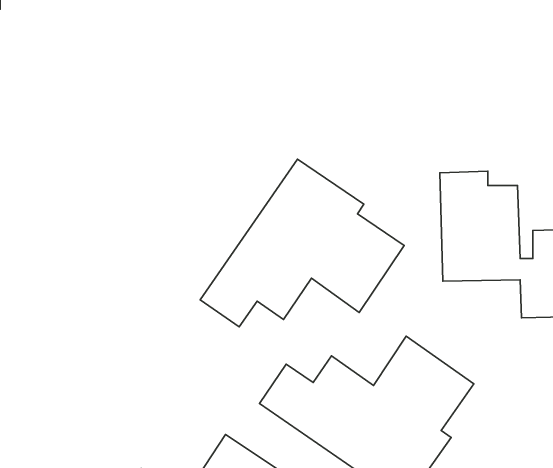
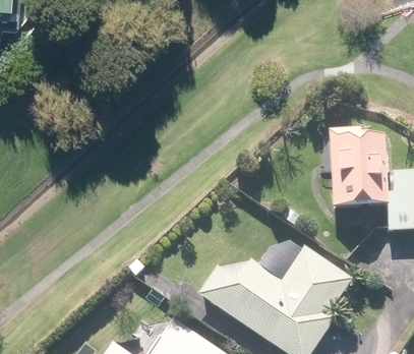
building: [200,159,404,327] -> none

